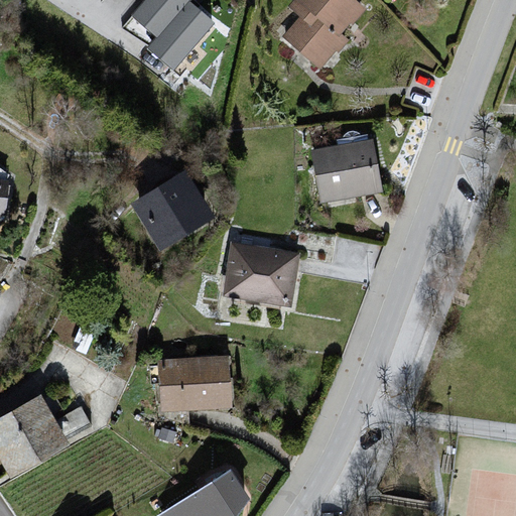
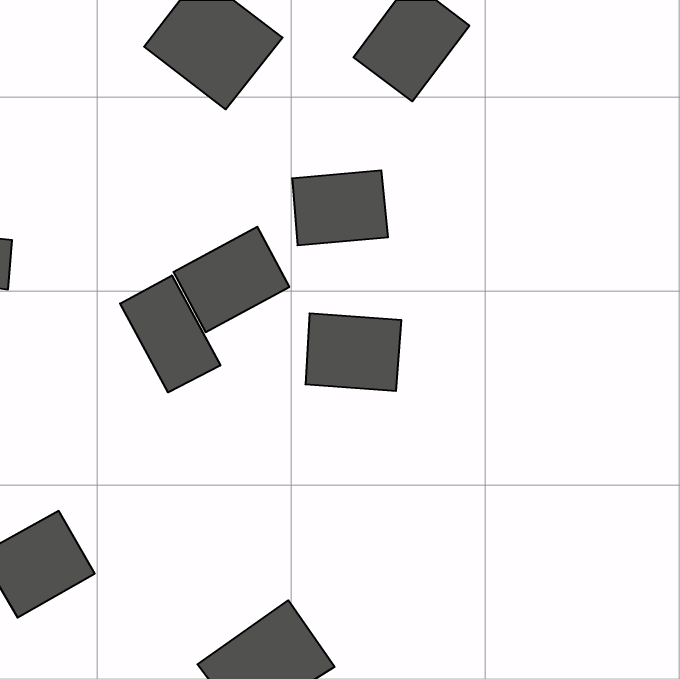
building: [308,144,381,201] -> [292,170,388,245]
building: none -> [120,275,220,392]
building: [161,356,233,404] -> none

